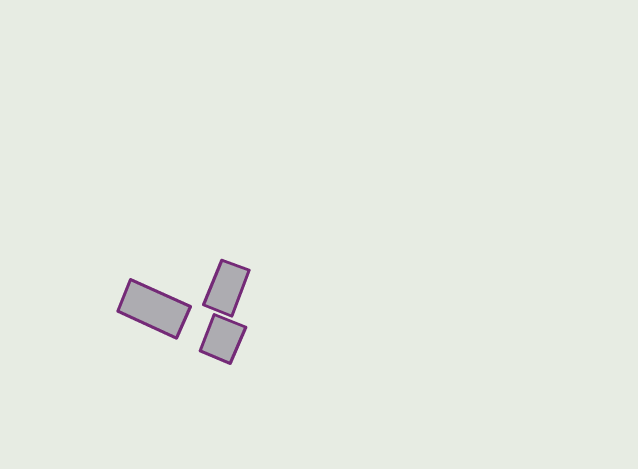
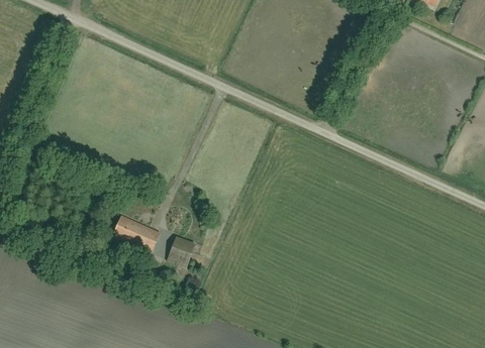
building: [204,260,249,316] -> none

